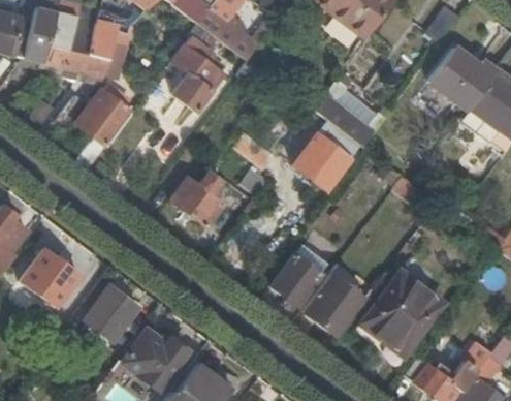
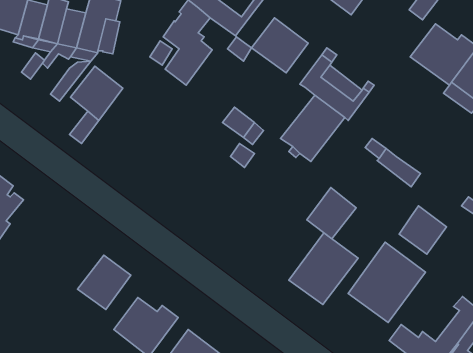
building: none -> [252,18,308,73]
building: [171,171,223,226] -> none
building: none -> [399,206,446,254]
building: [22,247,81,306] -> none
building: [270,252,321,305] -> [307,188,356,239]

